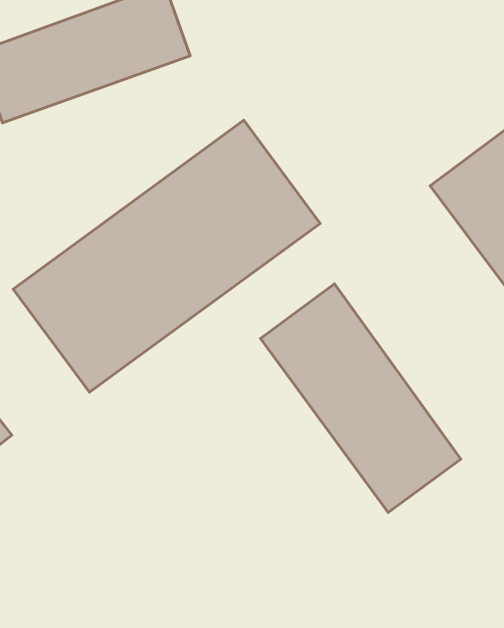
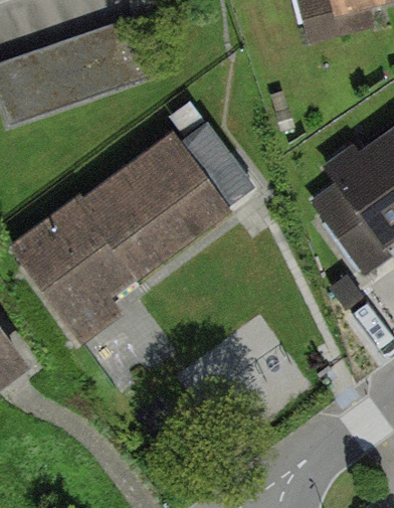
building: [261,284,461,512] -> none

